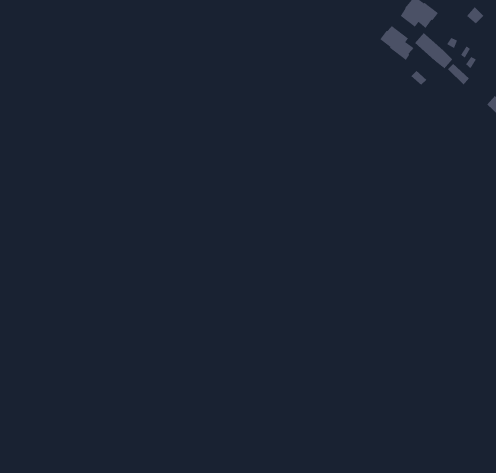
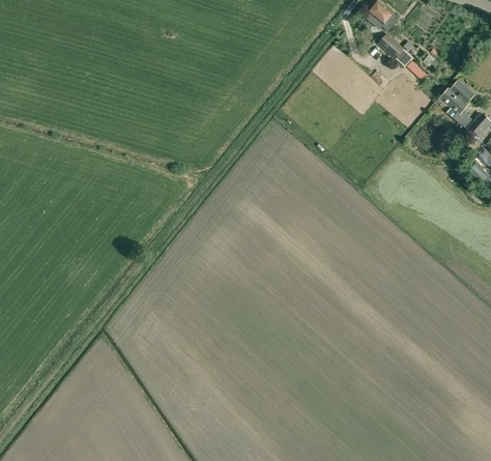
building: [379,25,414,61] -> none

